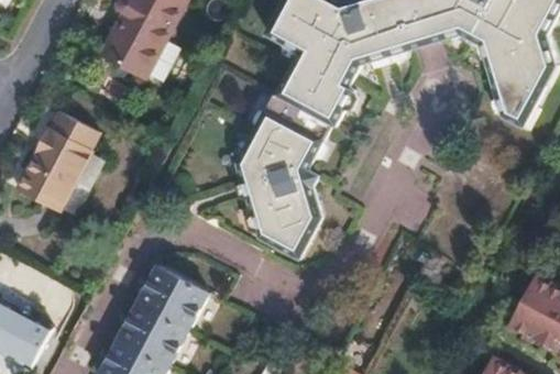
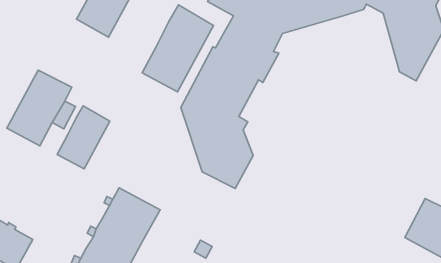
building: none -> [142,5,213,92]
building: none -> [57,106,110,169]

